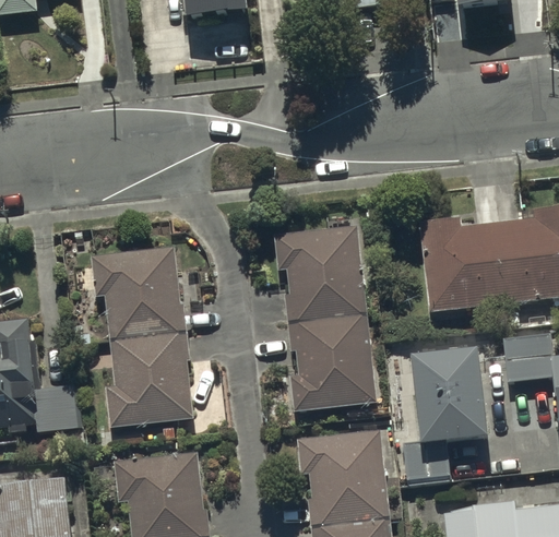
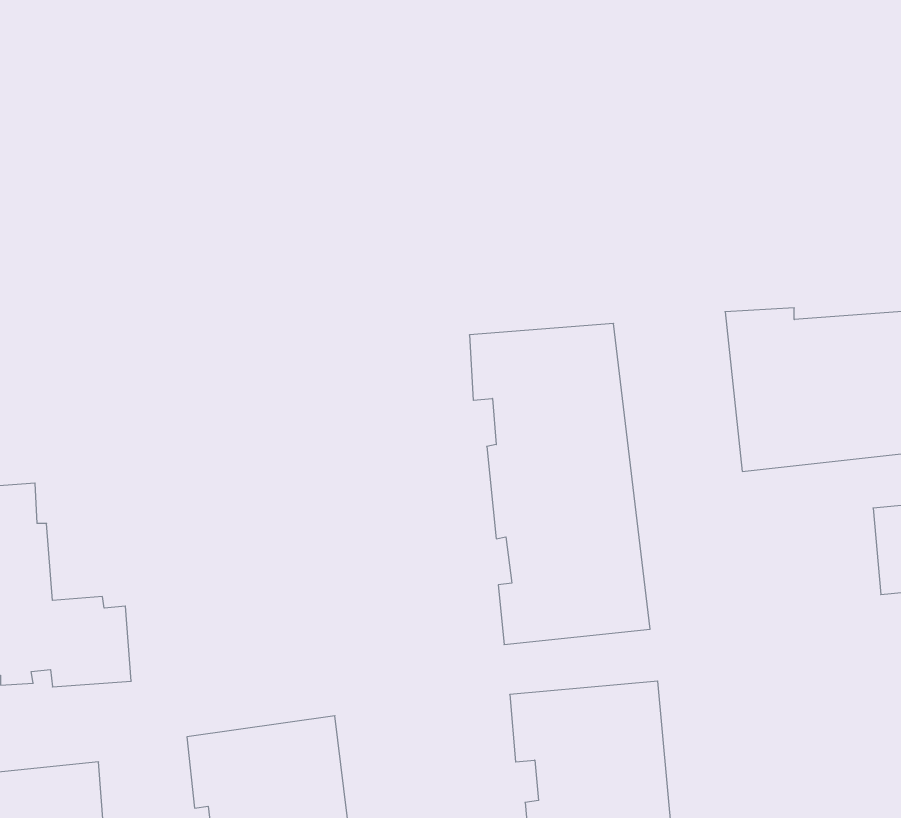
building: [92,249,193,427] -> none
building: [403,356,490,482] -> none

